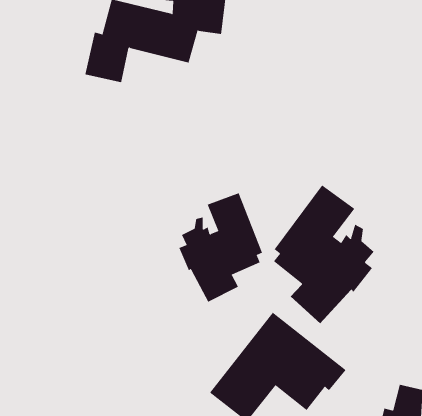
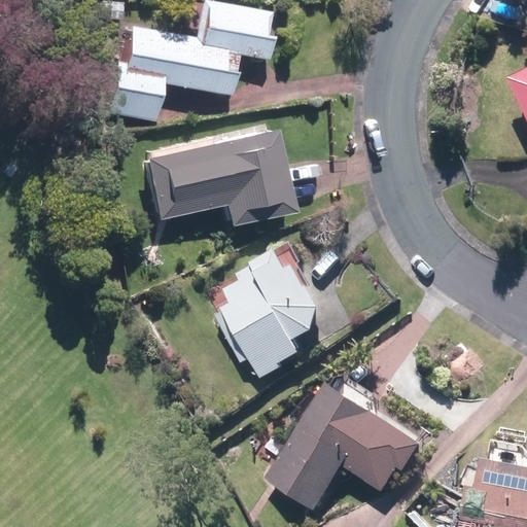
building: none -> [139,130,278,223]
building: [273,185,374,324] -> none

